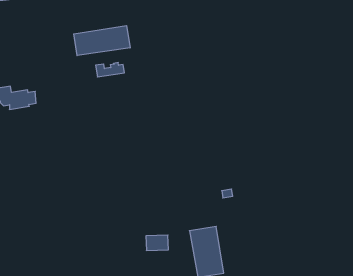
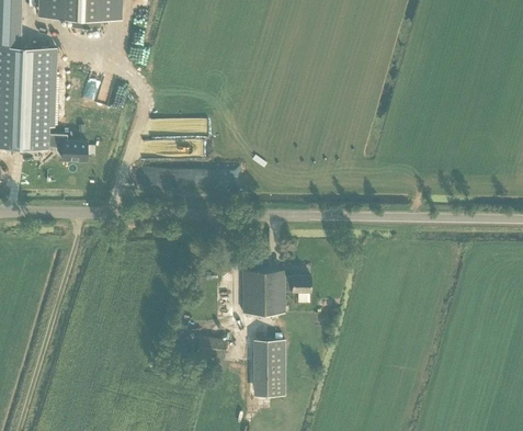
building: [74,26,130,56] -> none
building: none -> [242,270,311,313]

